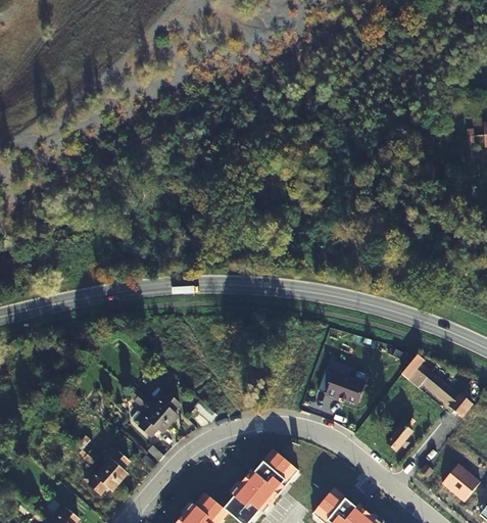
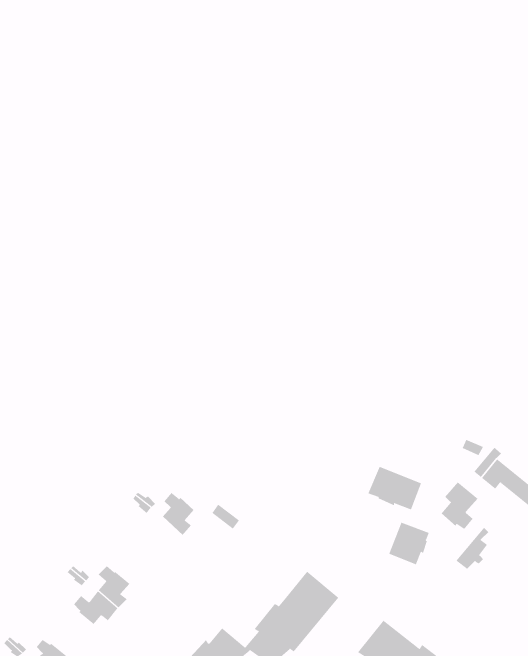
building: none -> [441,482,479,530]
building: [137,410,173,437] -> none
building: none -> [388,522,430,565]

